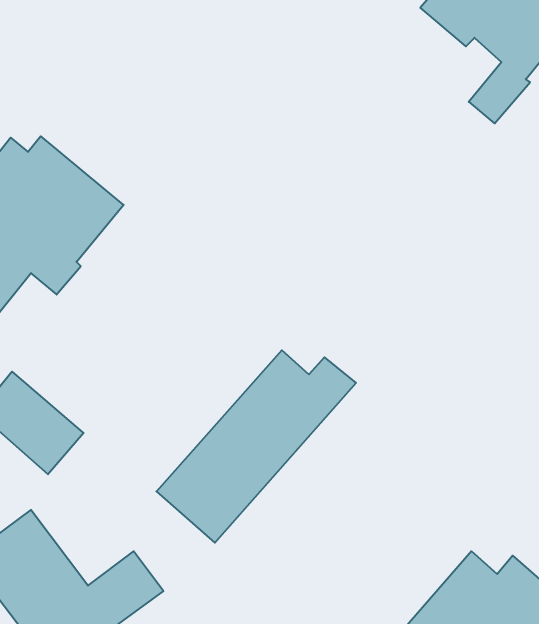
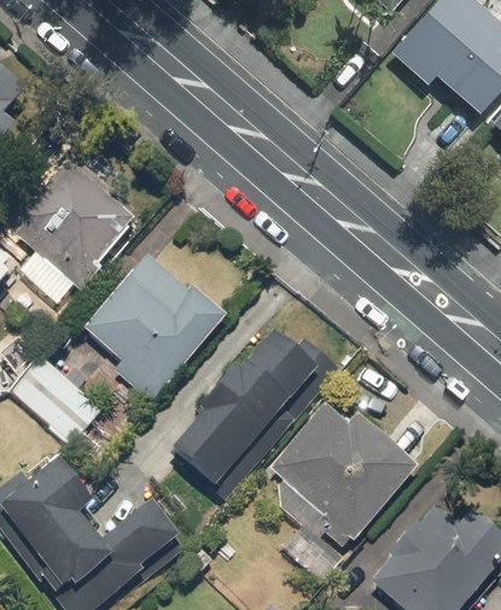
building: none -> [83,255,221,400]
building: none -> [268,402,415,548]

